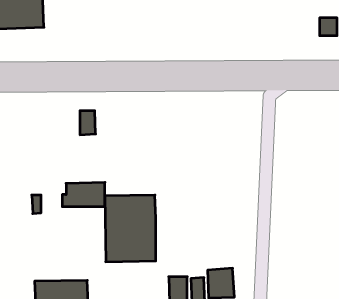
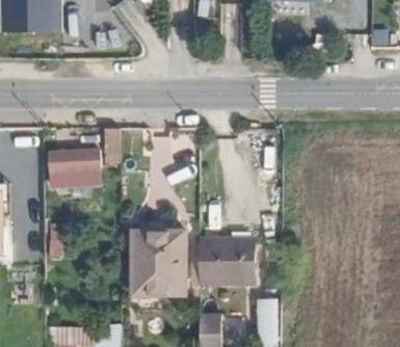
building: [62,182,105,207] -> [50,149,98,176]
building: none -> [199,235,254,295]

